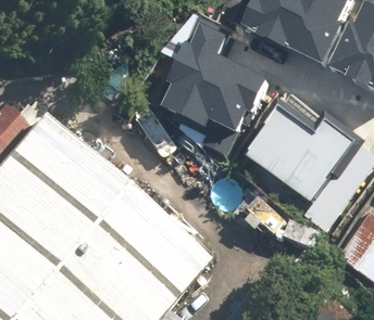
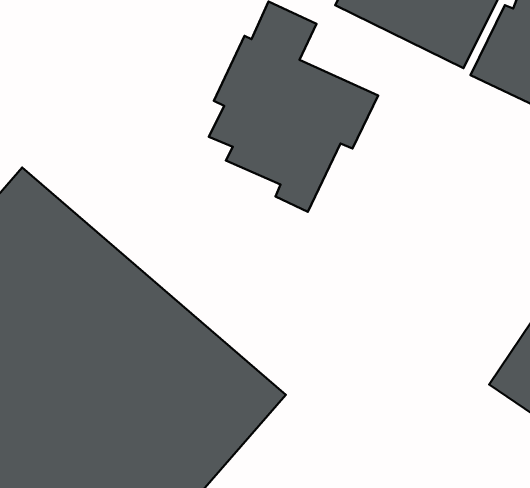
building: [244,98,361,231] -> none

